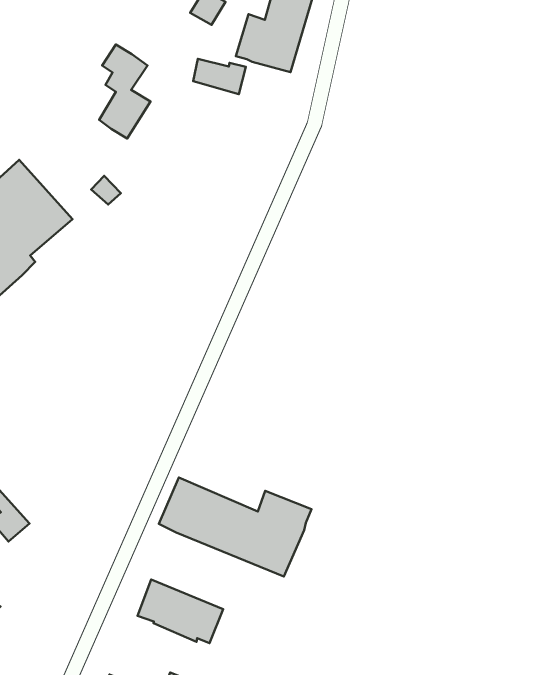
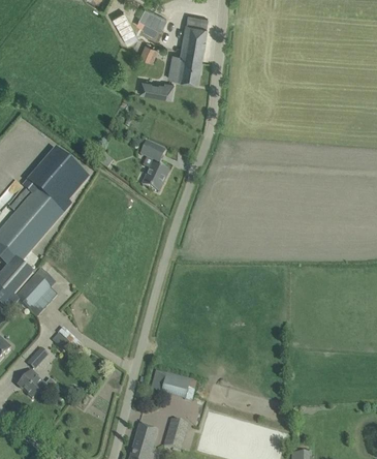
building: [99,45,151,138] -> [139,140,168,190]
building: [159,478,311,577] -> none

